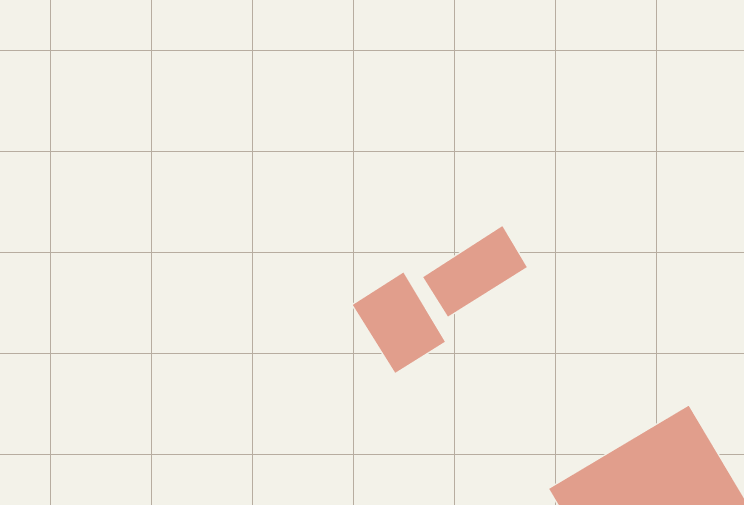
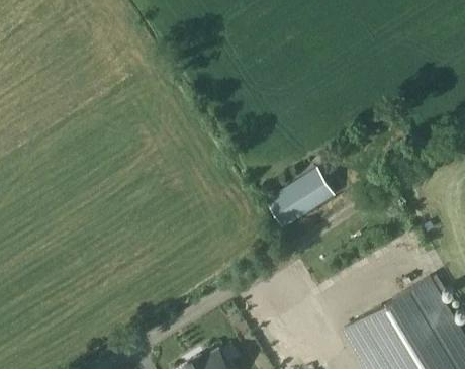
building: [352,271,446,374] -> none

